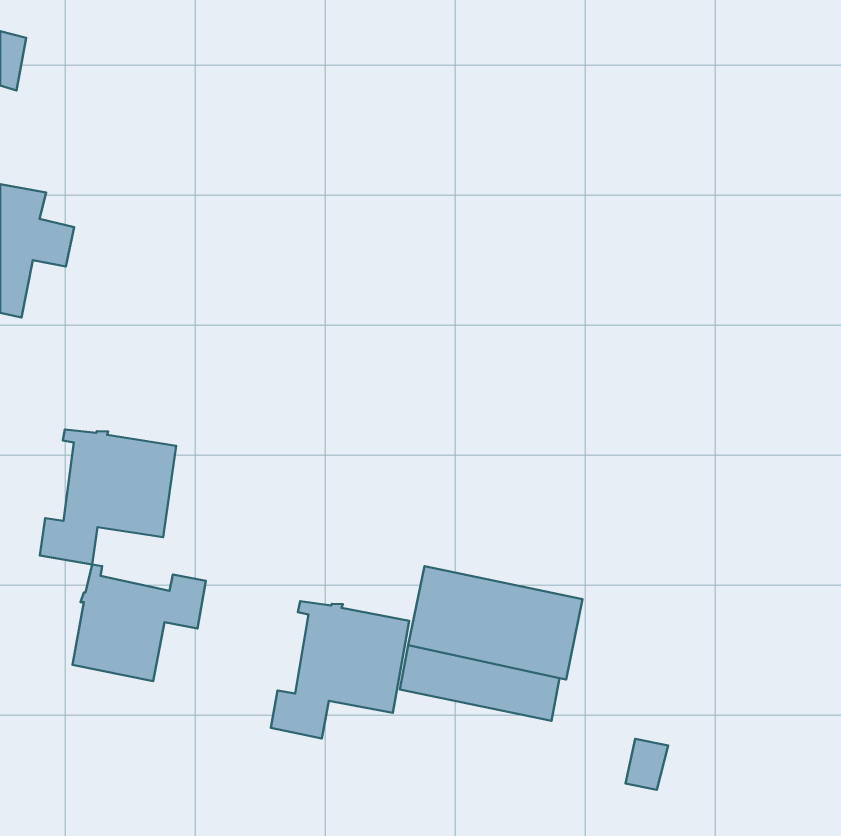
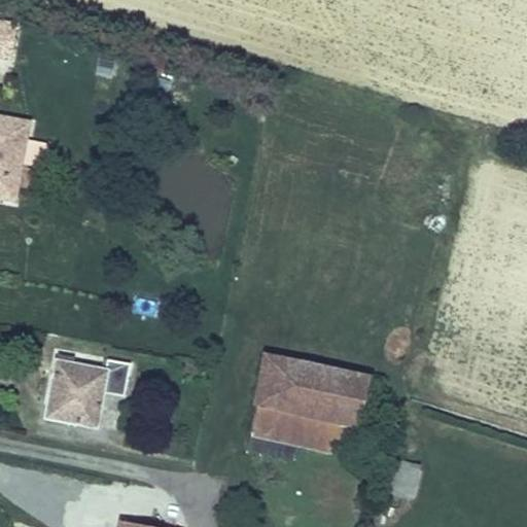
building: [40,430,176,564] -> none
building: [271,601,409,738] -> none

